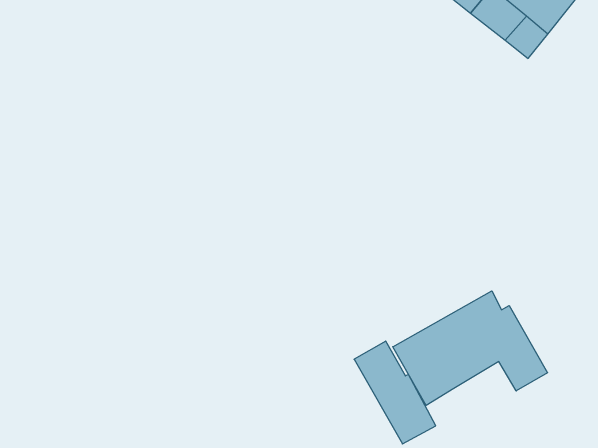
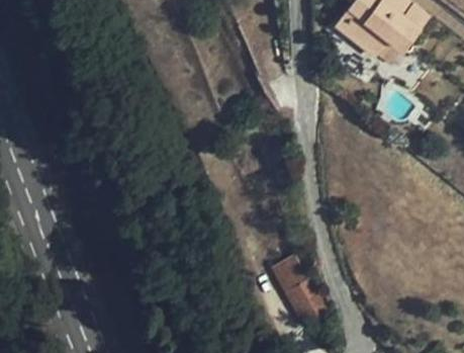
building: [393,291,548,405] -> none

